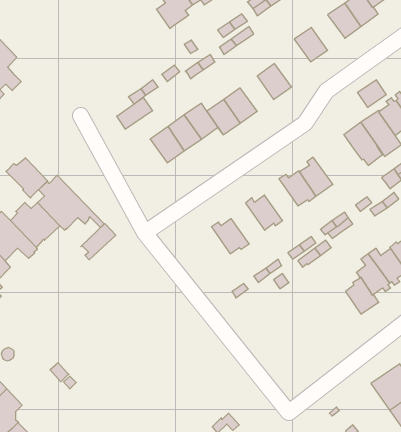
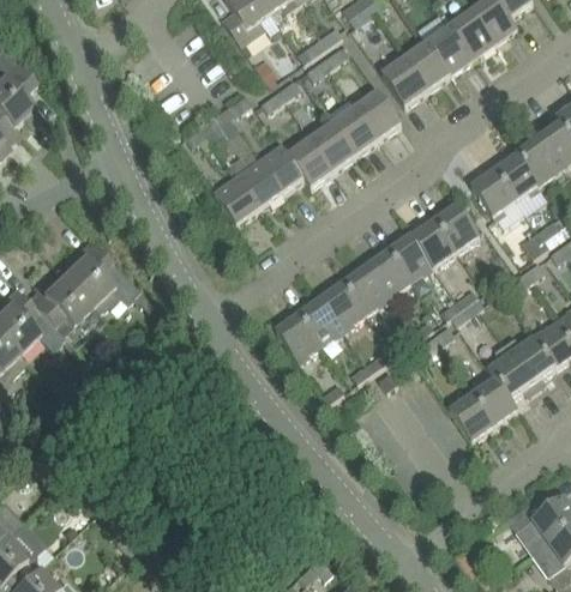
building: none -> [428,26,473,73]
building: none -> [383,59,427,105]
building: none -> [333,108,378,155]
building: [357,80,386,108] -> none
building: [117,98,153,129] -> none
building: none -> [431,204,480,252]
building: [6,158,48,198] -> none
building: none -> [366,244,410,300]
building: none -> [321,277,366,331]
building: [81,224,116,260] -> none
building: none -> [276,308,320,362]
building: none -> [447,394,494,441]

